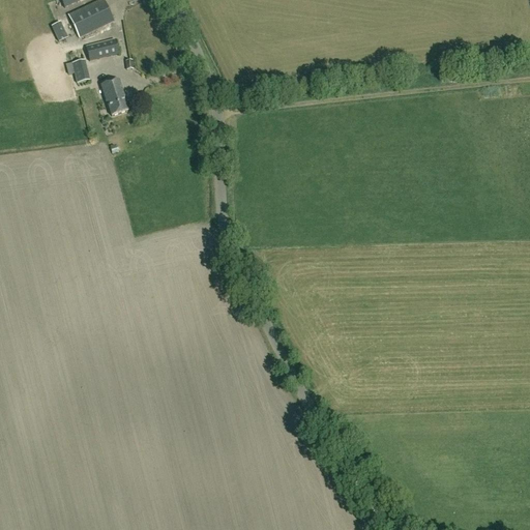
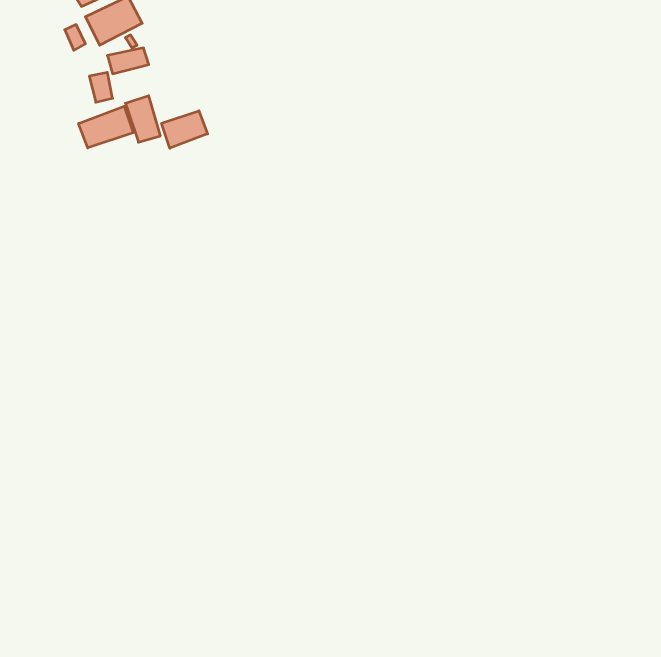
building: none -> [79,106,133,148]
building: none -> [162,111,208,148]

